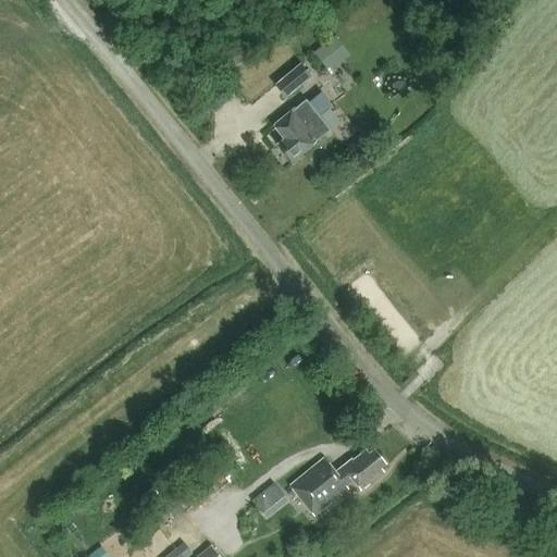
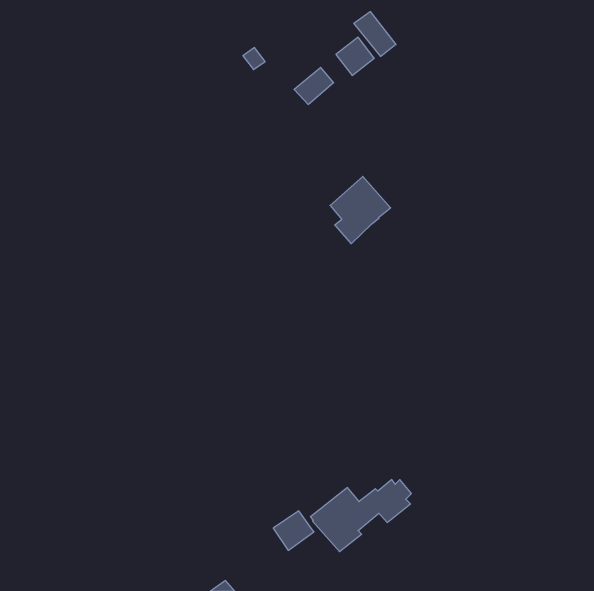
building: none -> [354,12,396,56]
building: [273,98,330,161] -> [330,176,391,244]

